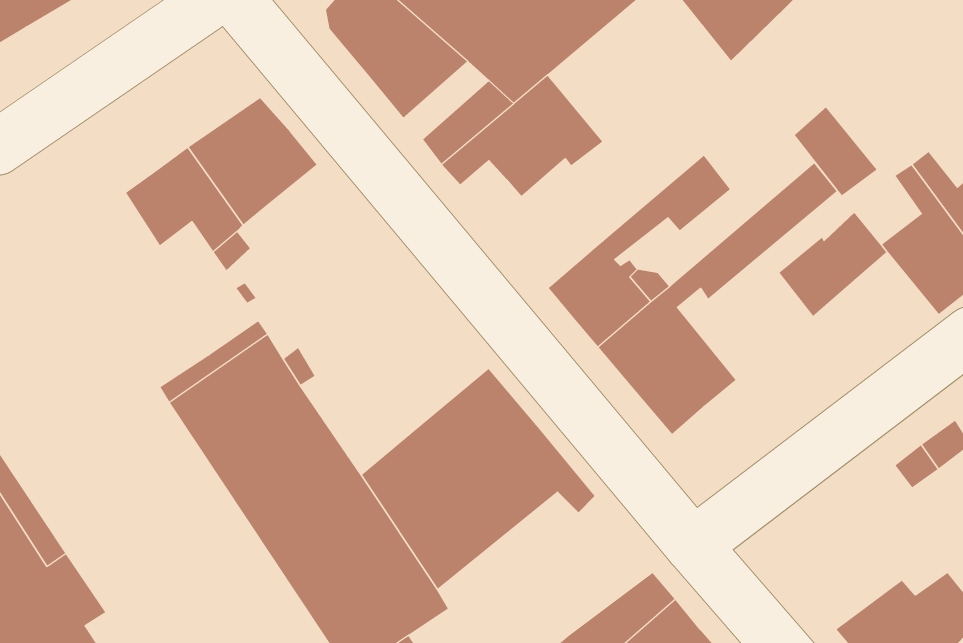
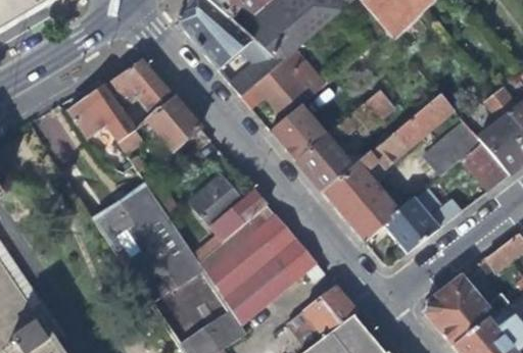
building: [794,106,878,196] -> [464,142,509,190]
building: none -> [148,95,201,148]
building: none -> [272,104,329,161]
building: none -> [191,175,268,240]
building: none -> [383,192,462,253]
building: none -> [426,274,509,344]
building: none -> [288,285,358,347]

